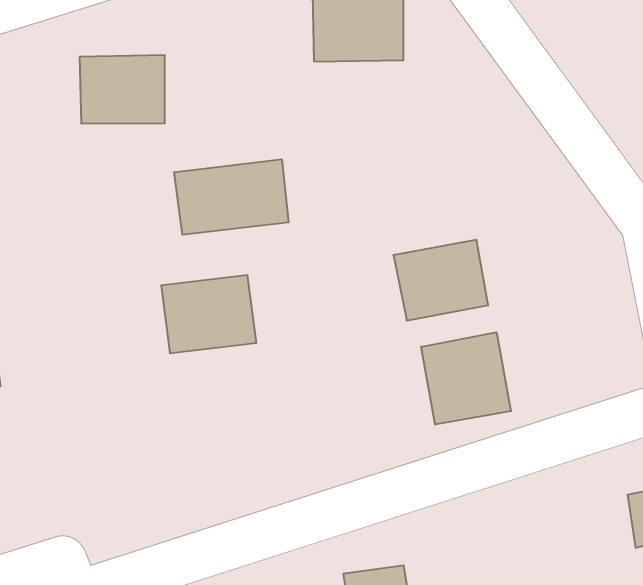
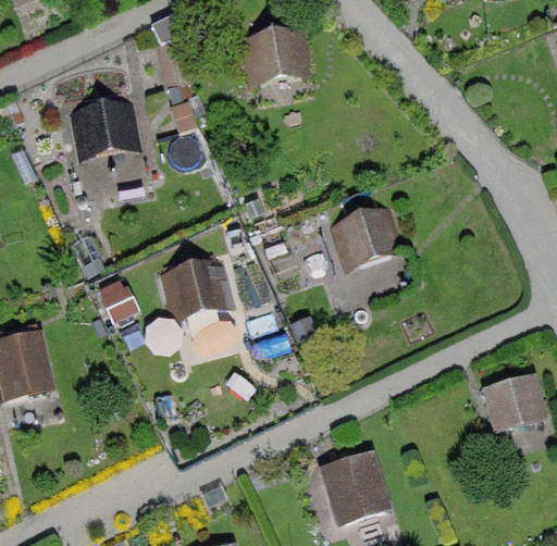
building: [174,159,288,235] -> none
building: [421,332,511,425] -> none

